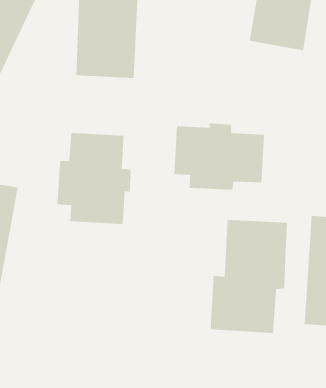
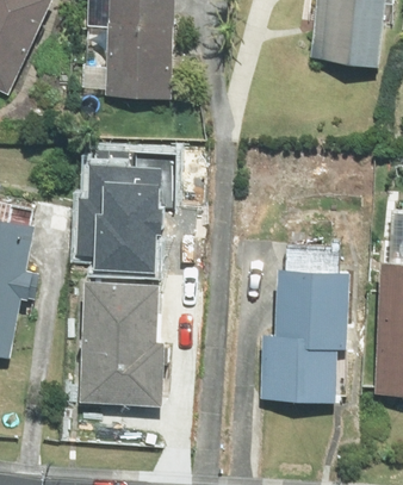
building: [174,123,264,190] -> none
building: none -> [79,284,161,412]

